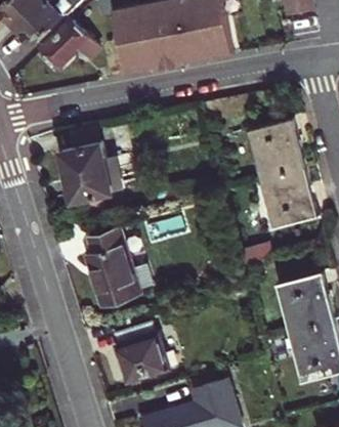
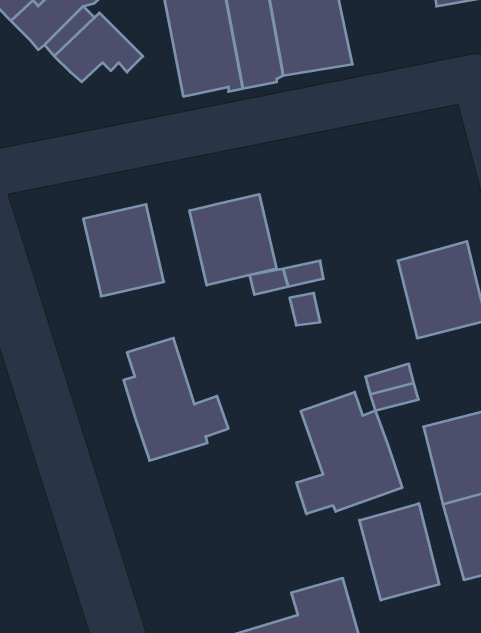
building: [247,119,304,179] -> none
building: none -> [190,194,277,285]
building: none -> [297,392,402,514]
building: [114,325,167,384] -> none
building: none -> [359,503,439,600]

